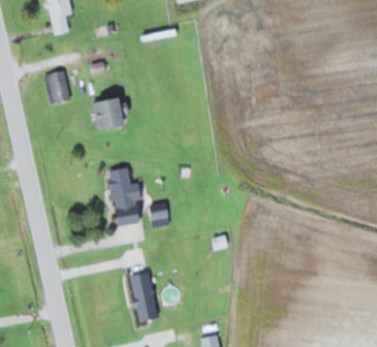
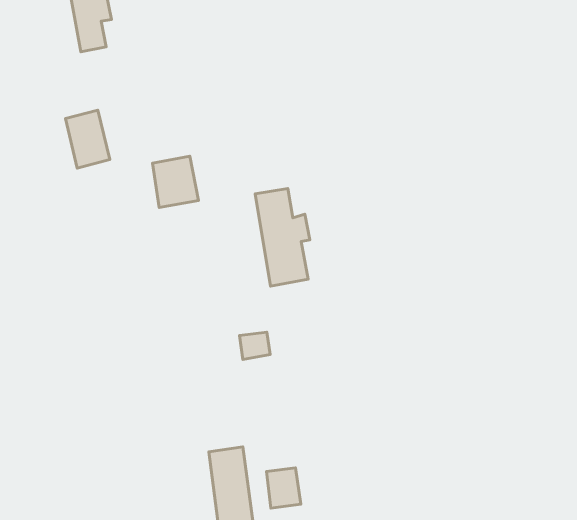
building: [107,167,140,226] -> [255,189,310,286]
building: none -> [267,468,301,508]

